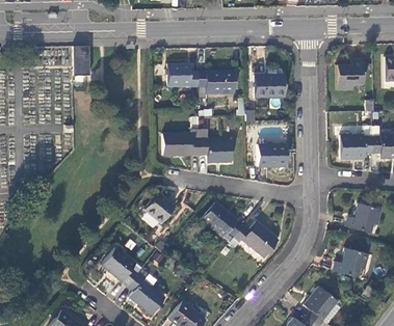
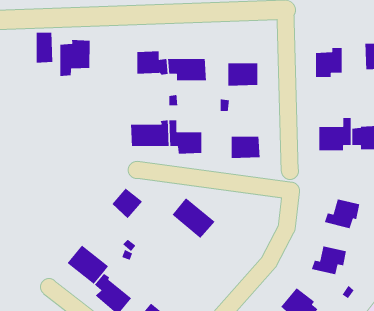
building: none -> [59,39,90,77]
building: [229,221,278,257] -> none

